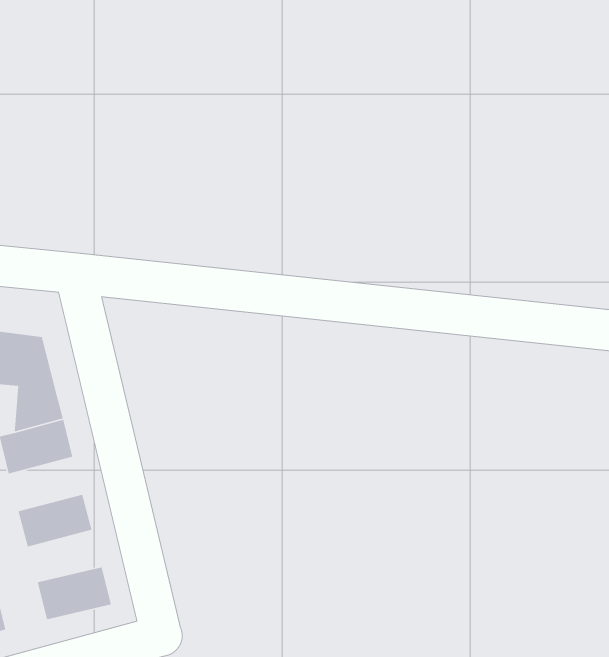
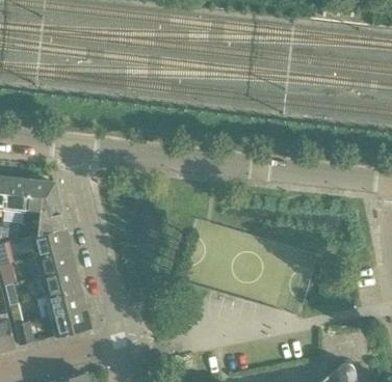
building: none -> [34,248,75,277]
building: none -> [45,288,85,316]

